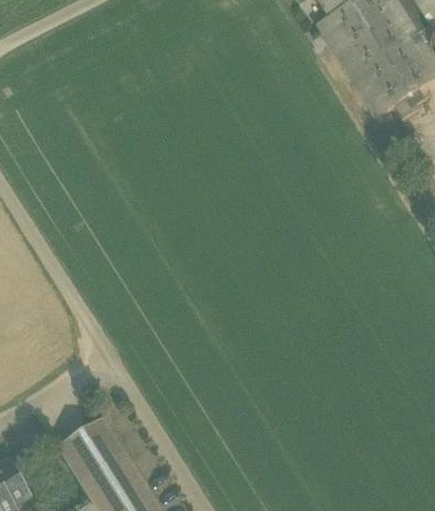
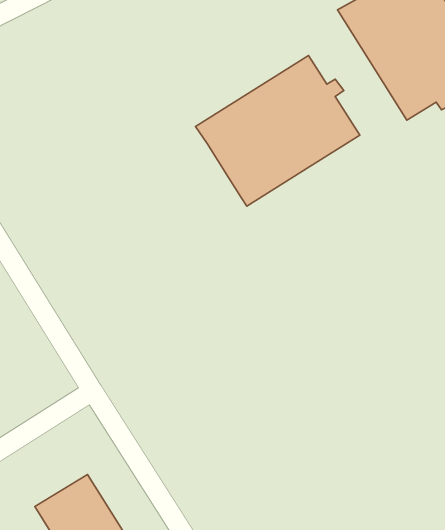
building: none -> [196,56,360,206]

